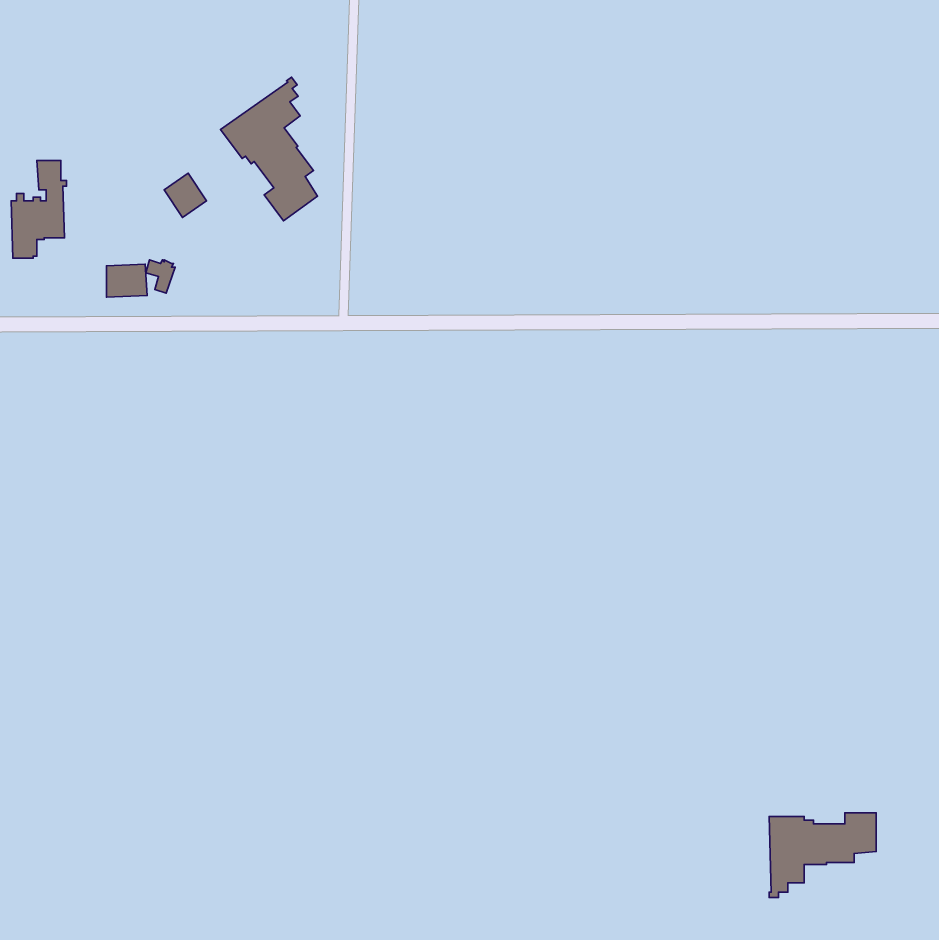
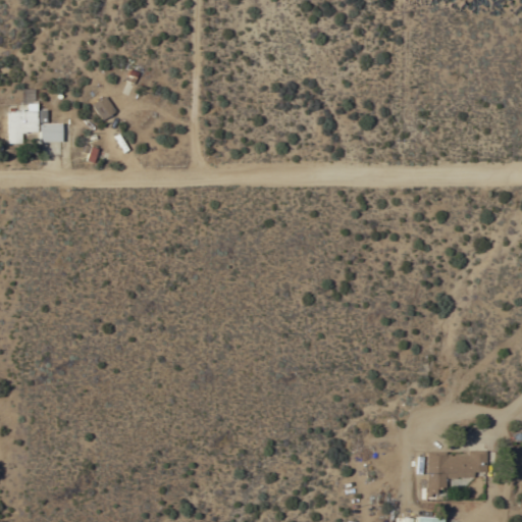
building: [220,77,317,221] -> none
building: [106,264,147,297] -> [40,124,62,143]

